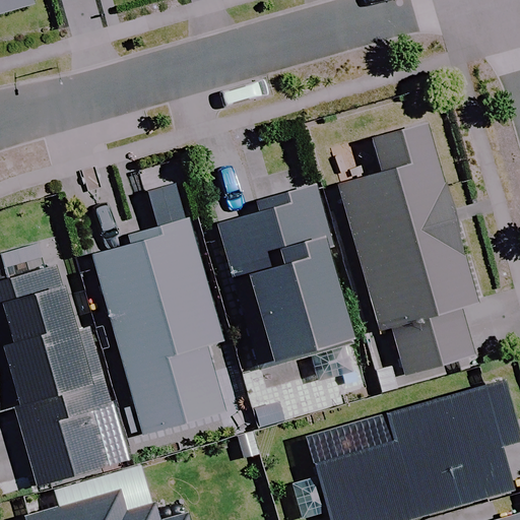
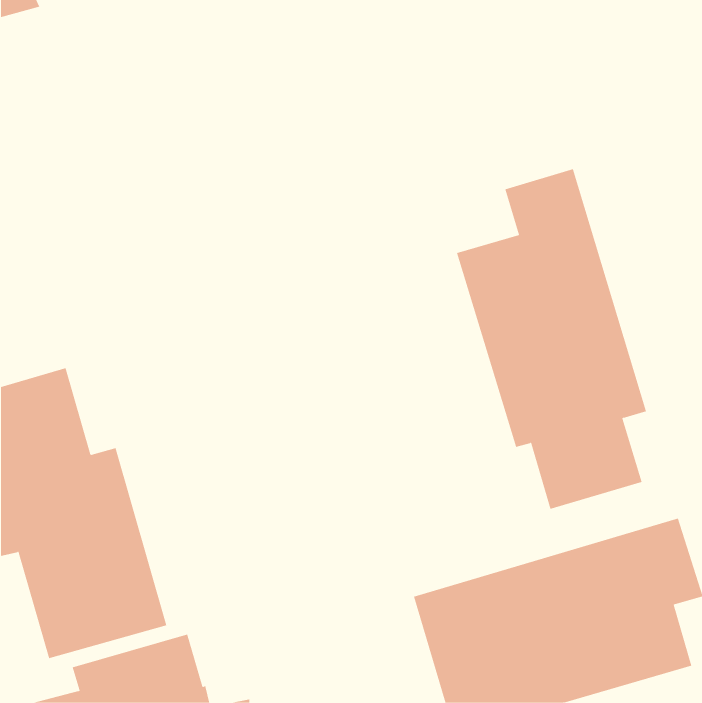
building: [93,184,225,433] -> none
building: [217,186,350,369] -> none

